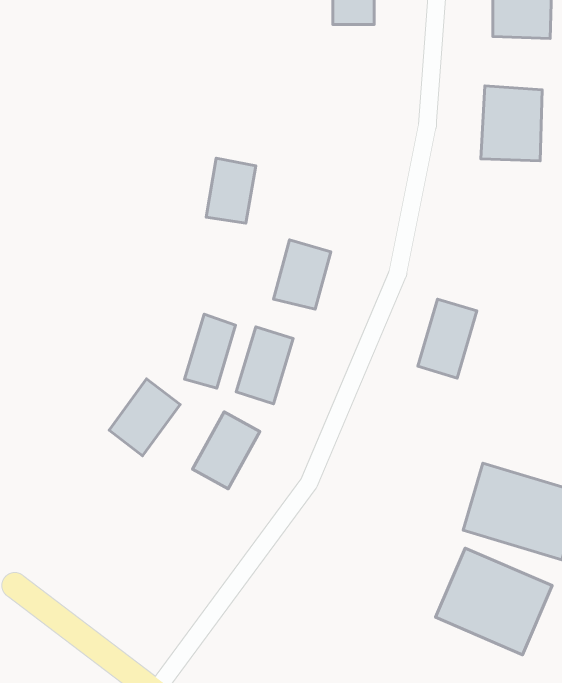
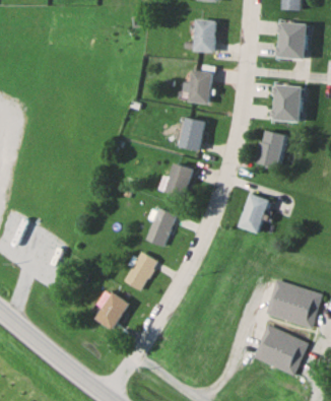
building: none -> [188,70,212,105]
building: [206,158,256,223] -> [179,117,204,150]
building: none -> [256,130,285,168]
building: [184,314,236,388] -> none
building: [109,379,180,456] -> [94,291,131,331]

